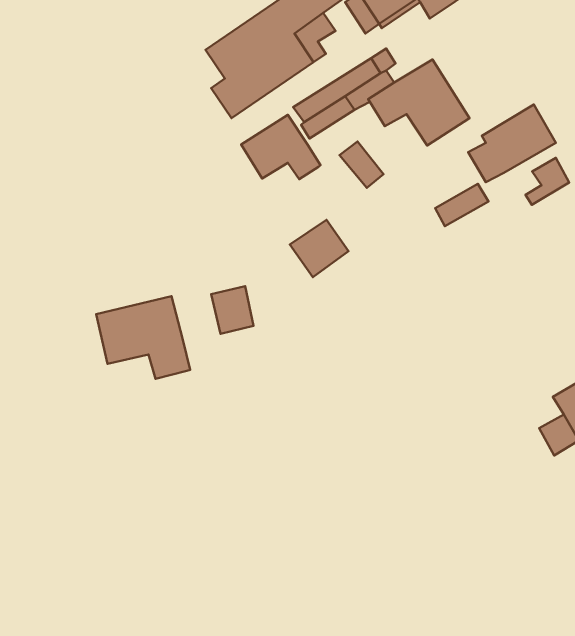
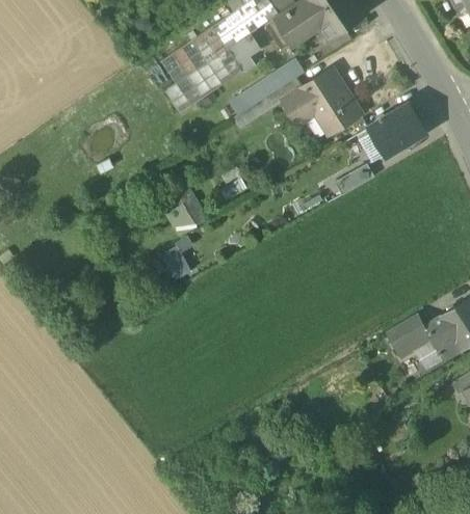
building: [241,115,320,179] -> none
building: [526,158,569,205] -> none
building: [290,220,348,277] -> [164,192,209,236]
building: [96,296,190,379] -> none
building: none -> [386,313,433,356]

